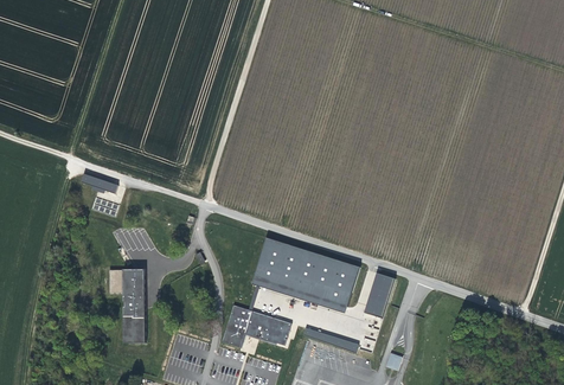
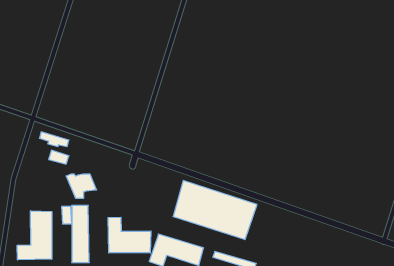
building: [364,271,396,317] -> none
building: none -> [17,211,52,260]
building: none -> [108,217,151,253]

